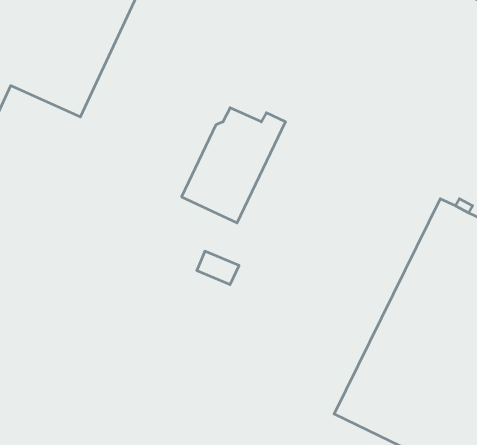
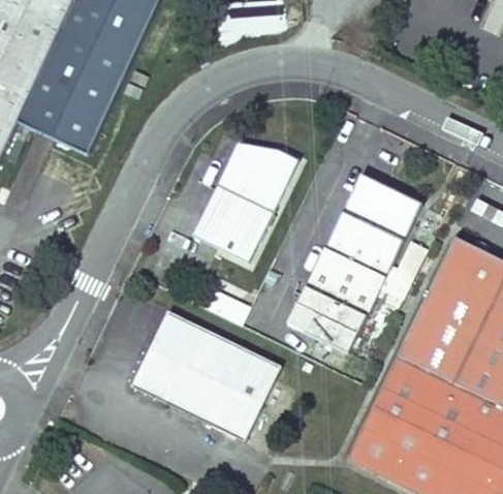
building: none -> [286,174,421,353]
building: none -> [138,310,281,440]

